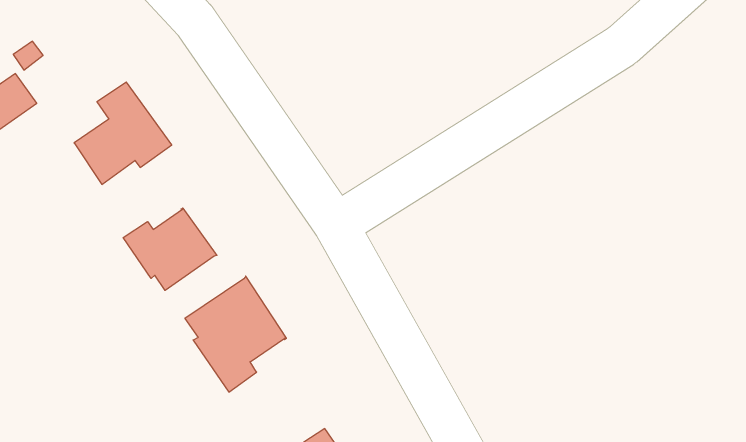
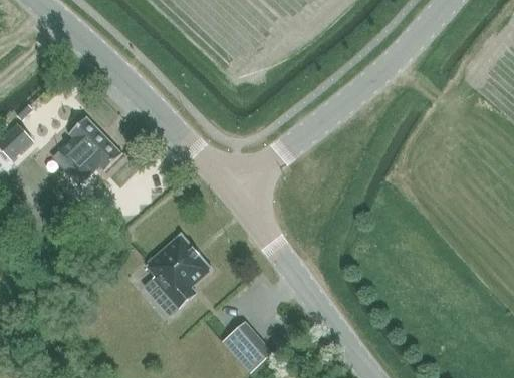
building: [123,208,217,290] -> none

